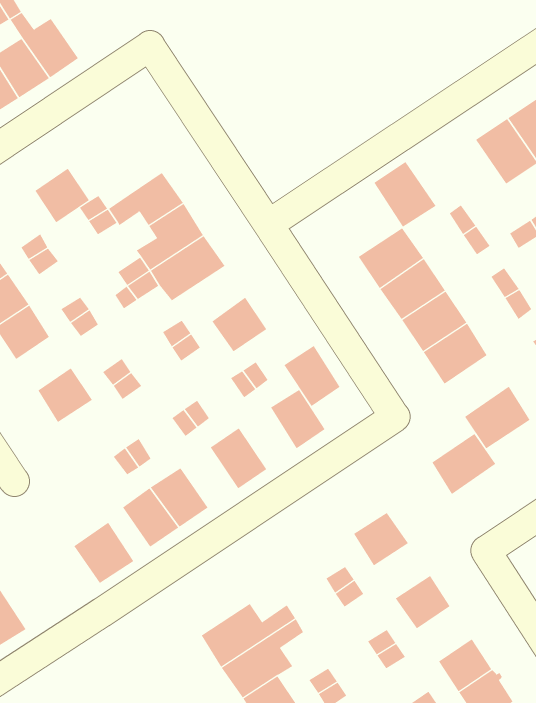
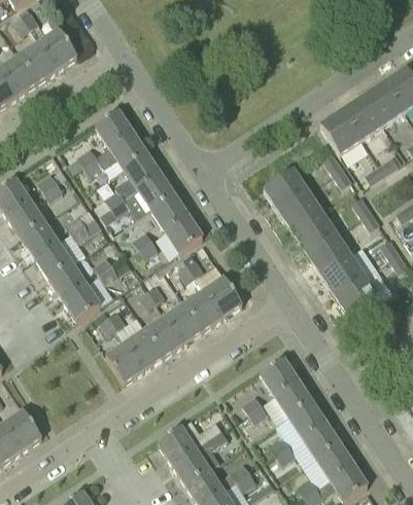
building: [373,161,437,227] -> [320,110,363,154]
building: [34,168,90,223] -> [96,110,133,147]
building: none -> [151,194,188,231]
building: none -> [35,242,72,278]
building: [283,345,340,407] -> [184,289,222,330]
building: none -> [63,284,100,320]
building: [432,433,496,495] -> [321,254,365,295]
building: none -> [145,316,183,356]
building: [74,522,134,584] -> none
building: none -> [274,380,312,417]
building: none -> [303,422,340,459]

